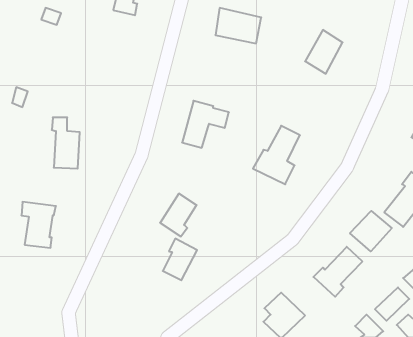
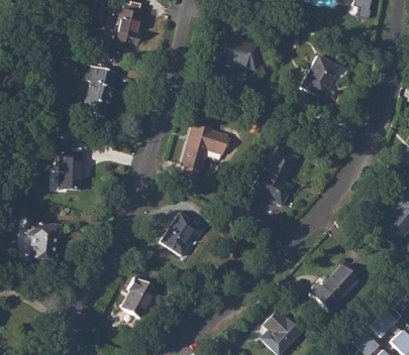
building: none -> [83,65,117,119]
building: [350,211,392,251] -> none
building: [163,239,197,280] -> [122,277,156,318]

